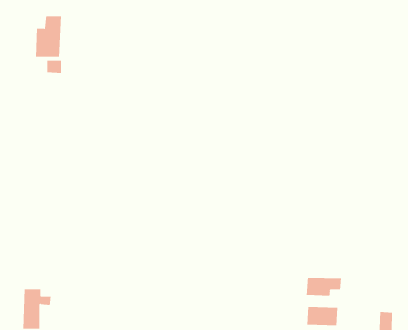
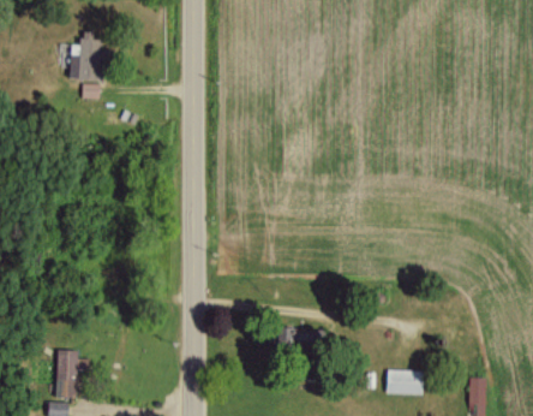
building: [306,277,342,296] -> none

